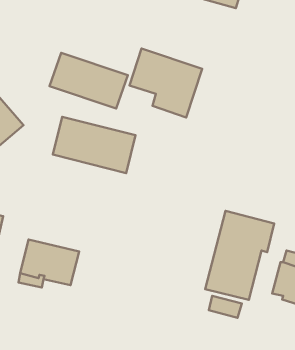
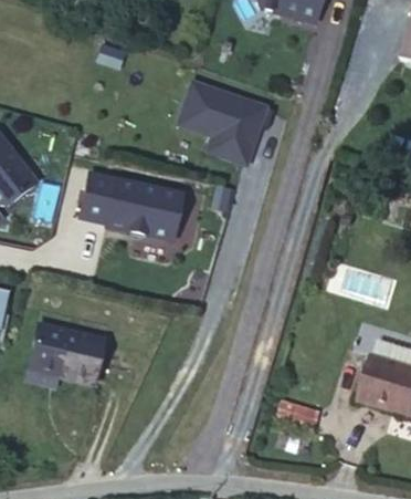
building: [50,53,128,109] -> none
building: [205,211,274,300] -> none

